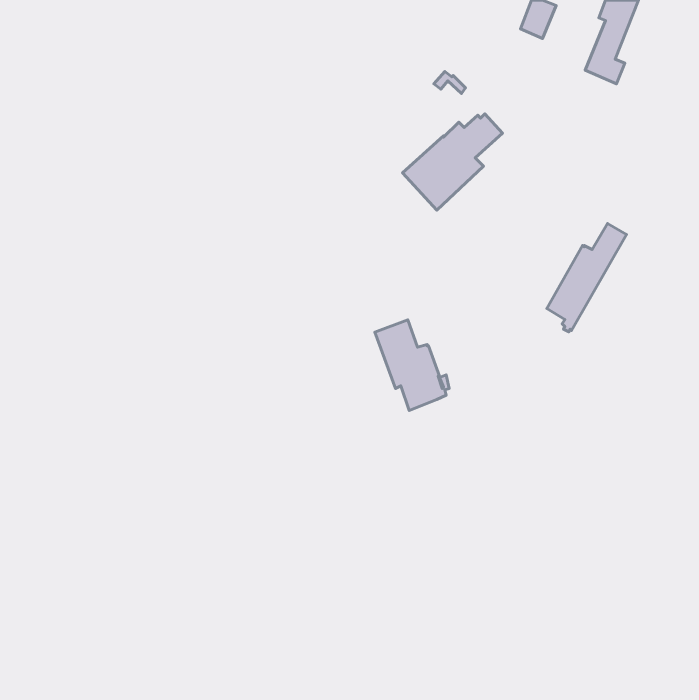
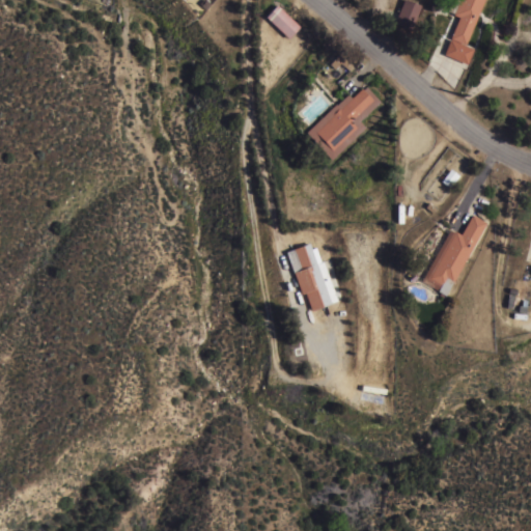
building: none -> [266,5,300,38]
building: [547,224,627,332] -> [427,215,487,297]

